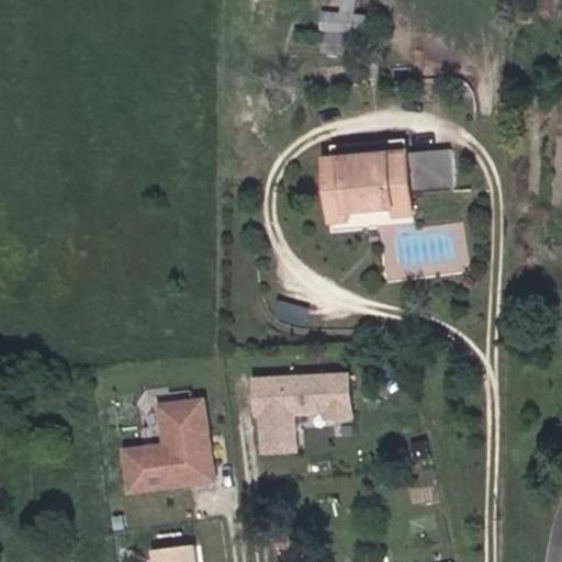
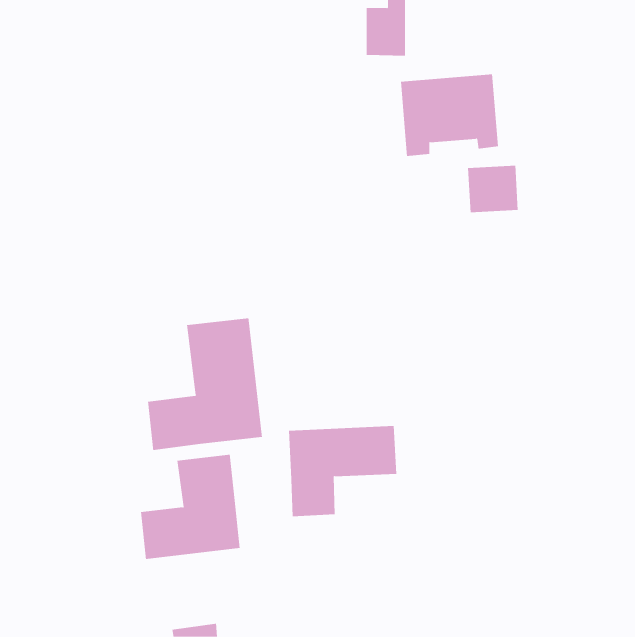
building: [325,149,412,222] -> [400,74,499,157]
building: none -> [148,317,263,451]

